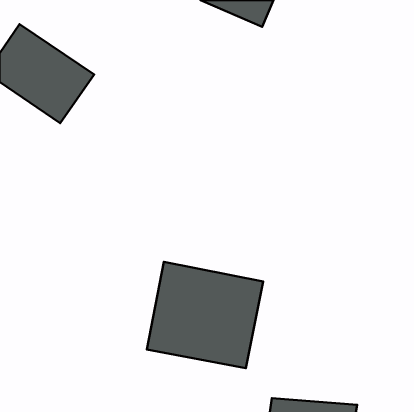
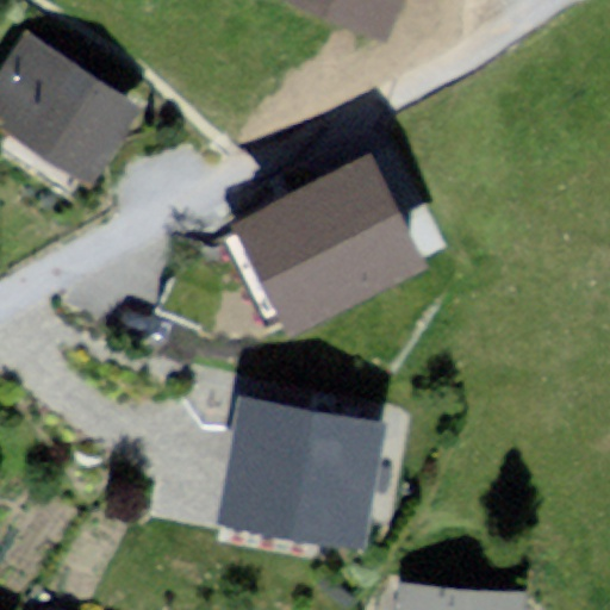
building: none -> [229,155,428,335]

